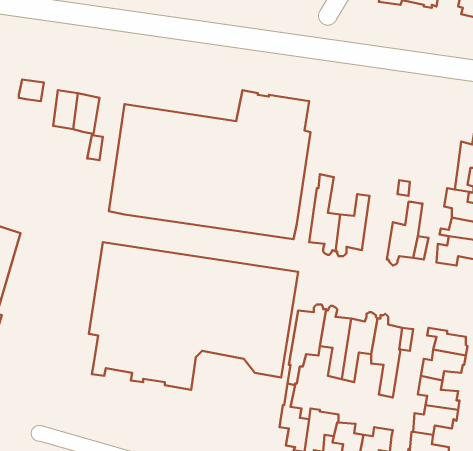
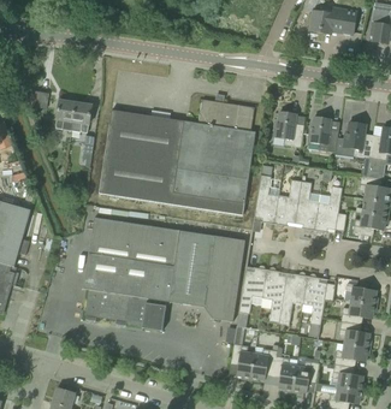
building: none -> [273,109,303,147]
building: none -> [308,114,338,152]
building: none -> [343,120,372,176]
building: none -> [295,180,319,232]

